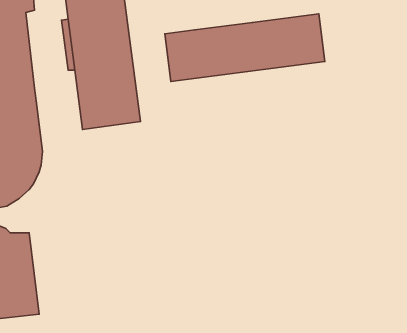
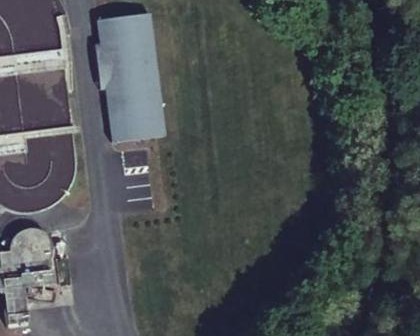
building: [165,14,325,82] -> none

